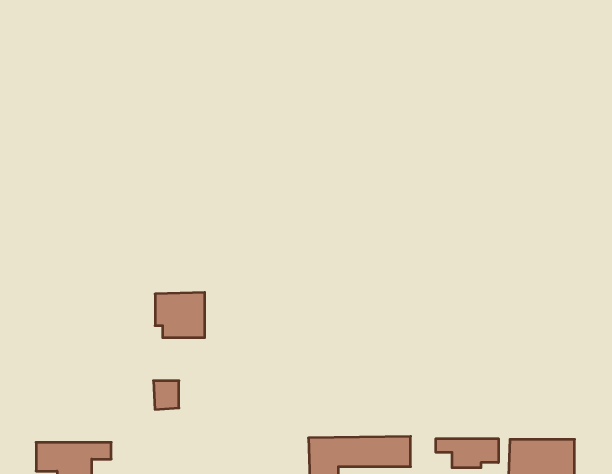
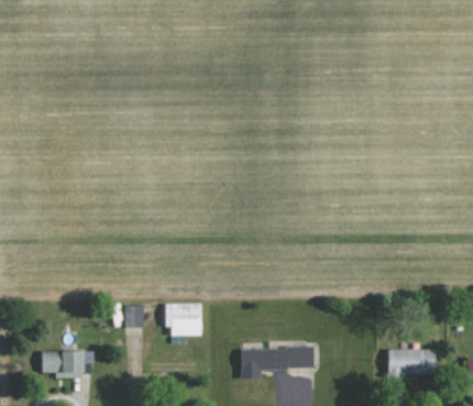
building: [155,292,205,338] -> [163,303,199,336]
building: [436,439,498,468] -> none

